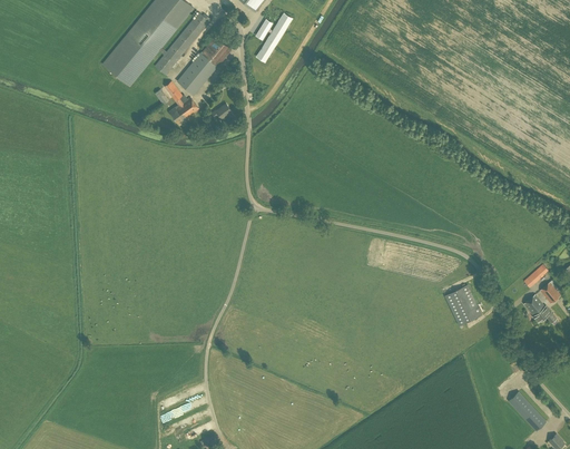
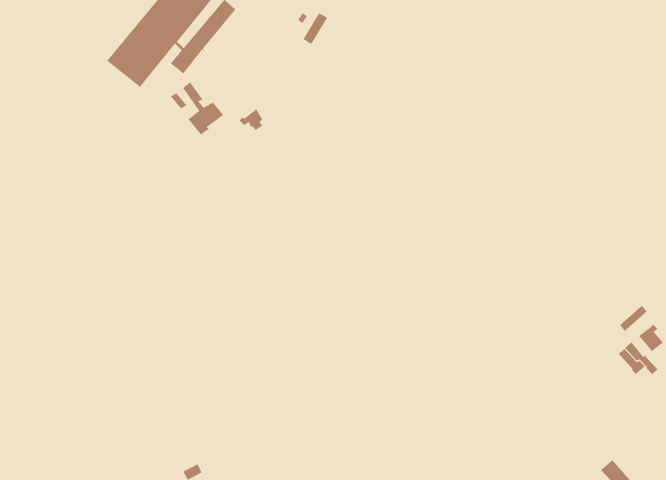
building: [176,36,230,95] -> none
building: [443,284,481,325] -> none

